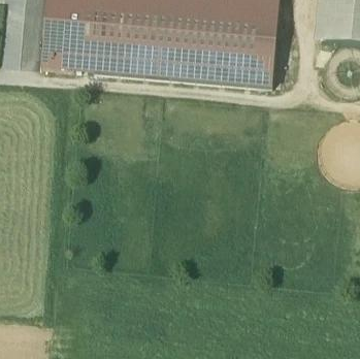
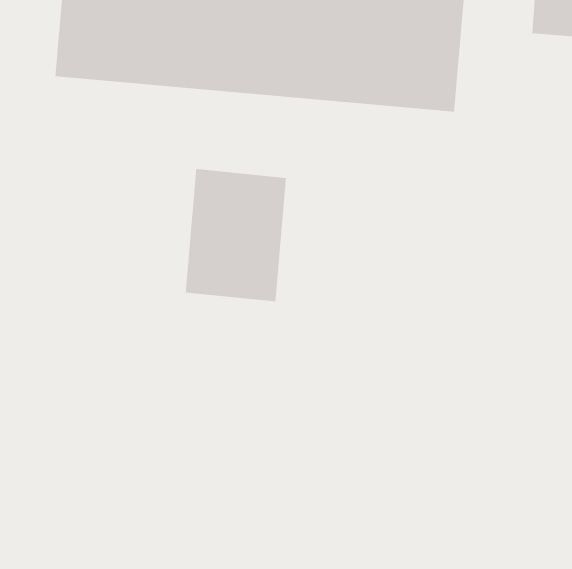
building: none -> [185,168,287,302]

